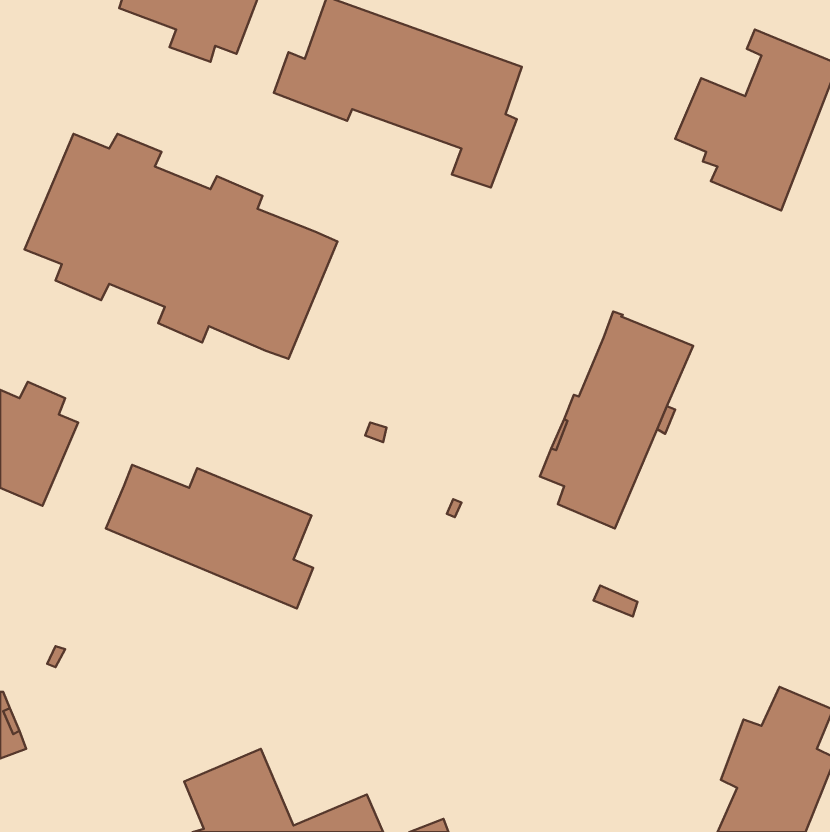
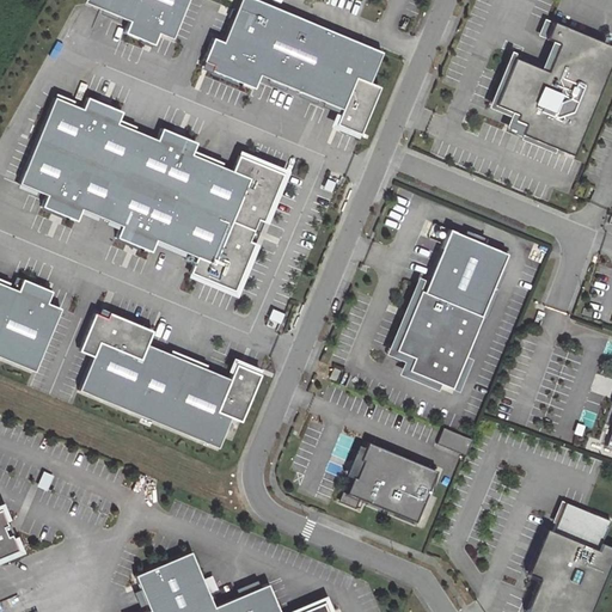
building: none -> [191,157,281,289]
building: none -> [79,312,153,357]
building: none -> [218,363,261,420]
building: none -> [350,442,437,522]

